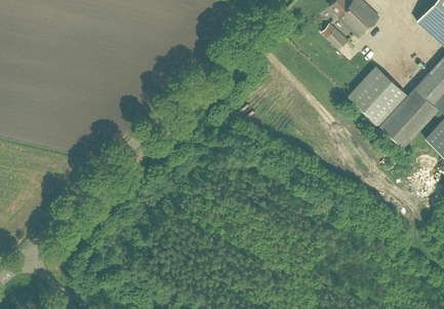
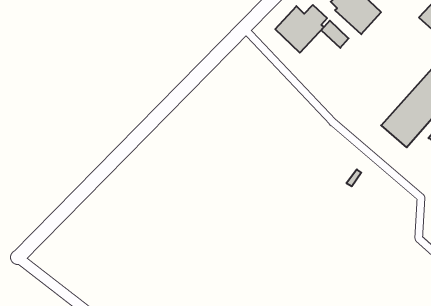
building: none -> [275,5,327,53]
building: [348,66,407,125] -> none

